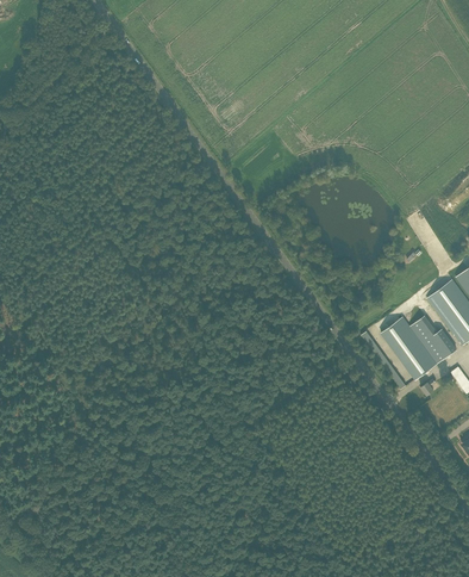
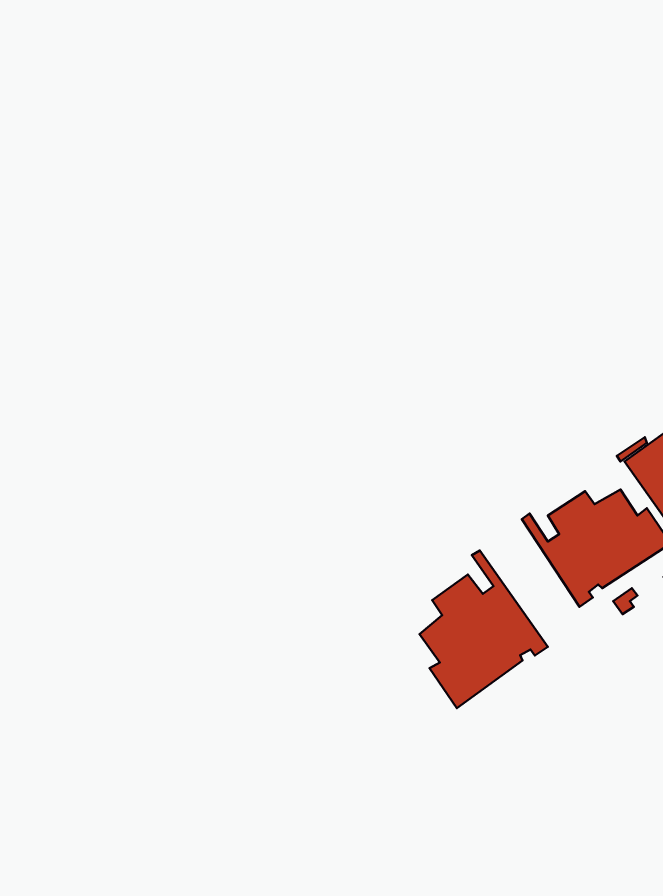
building: none -> [419,550,548,708]

